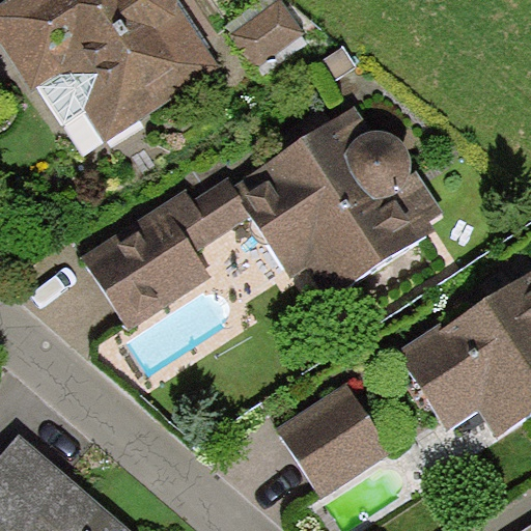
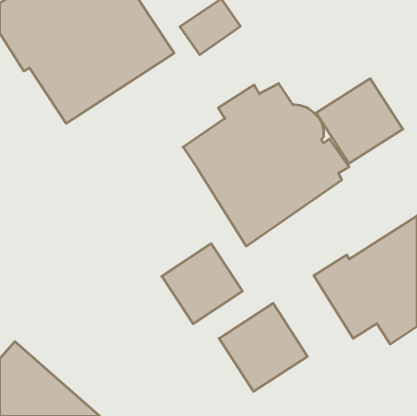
building: none -> [316,79,403,164]
building: [81,178,251,331] -> none
building: none -> [162,244,242,324]

